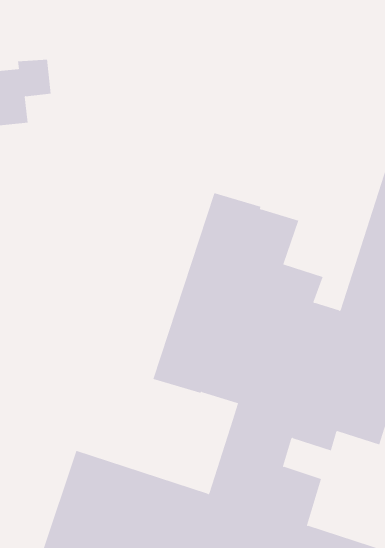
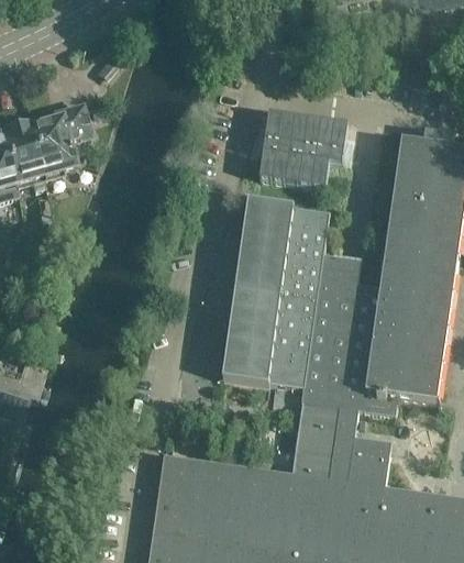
building: none -> [257,112,346,190]

